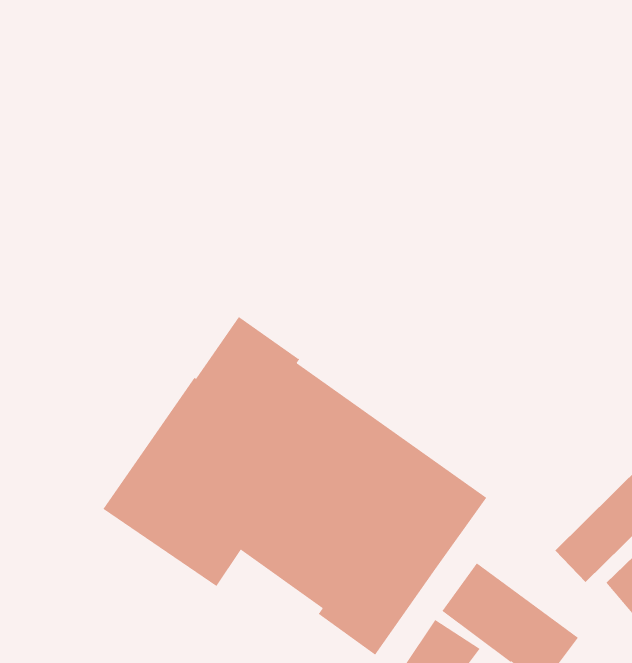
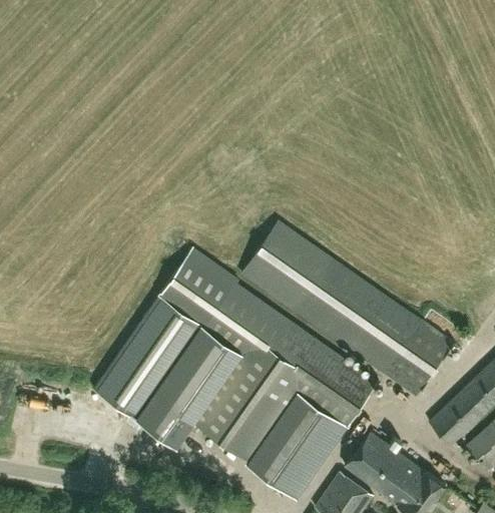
building: none -> [241,219,454,396]

